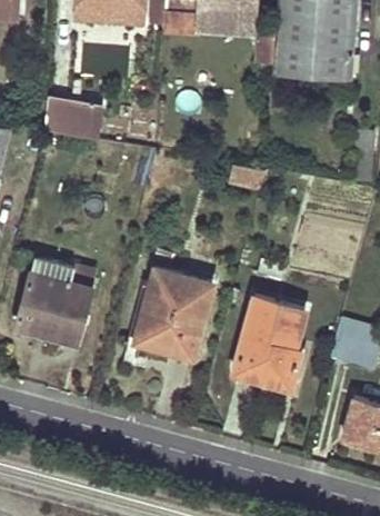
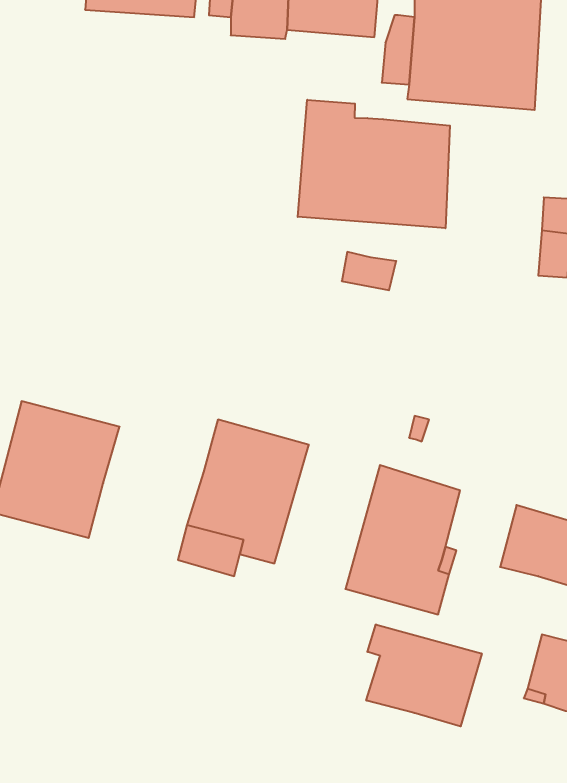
building: none -> [298,100,450,228]
building: [46,99,99,140] -> none
building: none -> [366,624,482,726]

